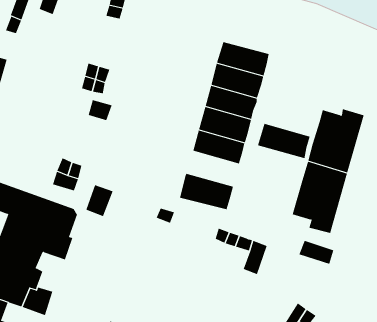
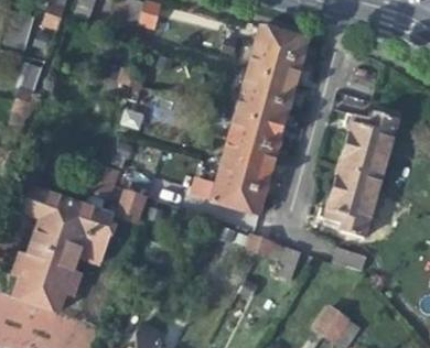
building: none -> [255,26,308,61]
building: [257,123,311,159] -> [218,156,271,192]

